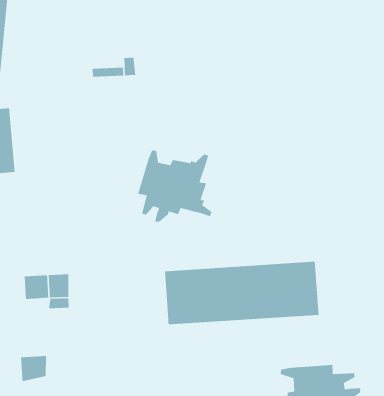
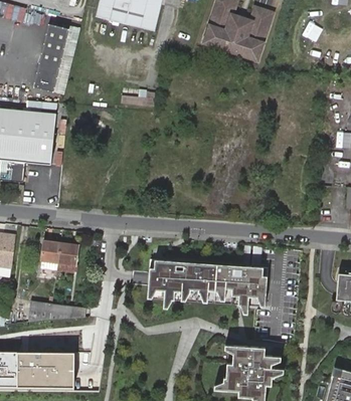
building: [137,150,213,223] -> none
building: none -> [48,305,91,321]

